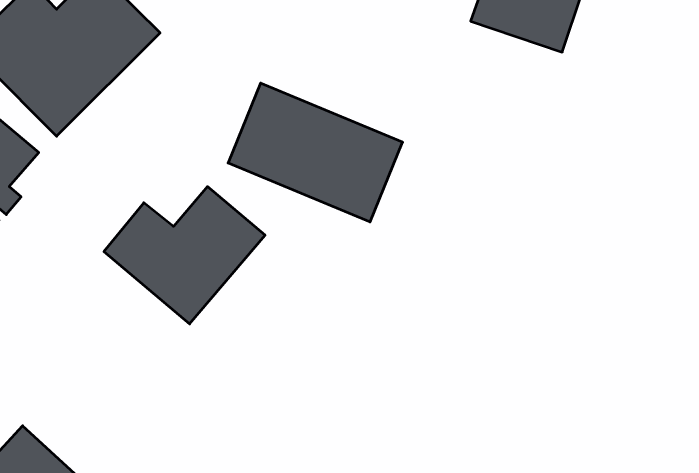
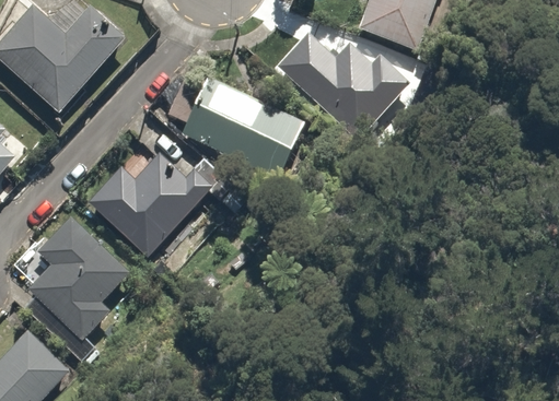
building: none -> [273,32,411,143]
building: none -> [21,214,132,352]

